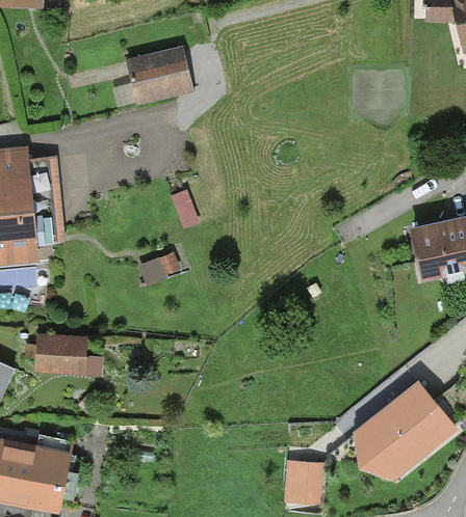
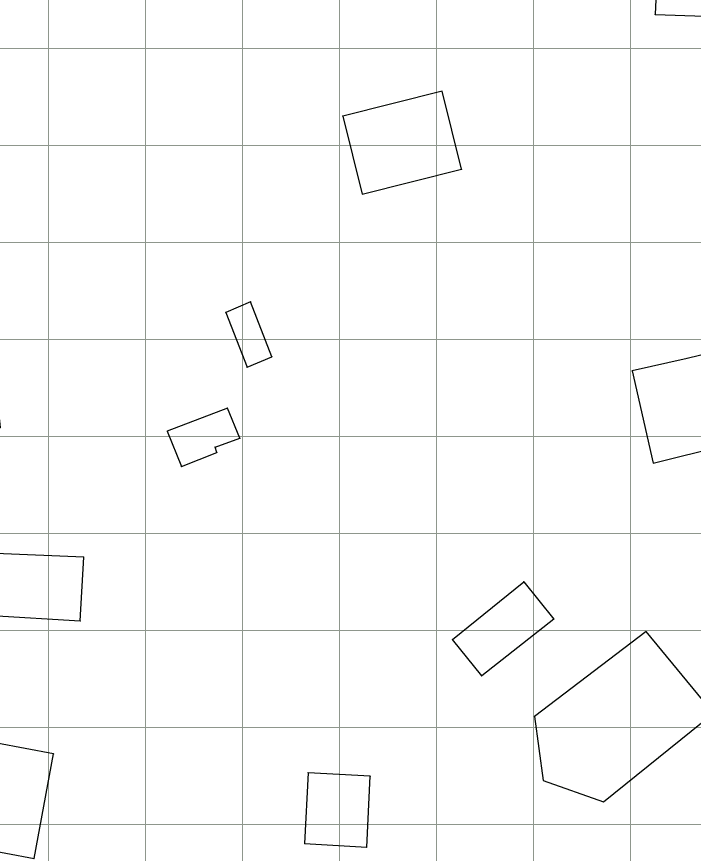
building: [125,45,195,105] -> [343,91,462,194]
building: none -> [452,582,554,676]
building: [285,460,323,504] -> [305,773,370,847]

